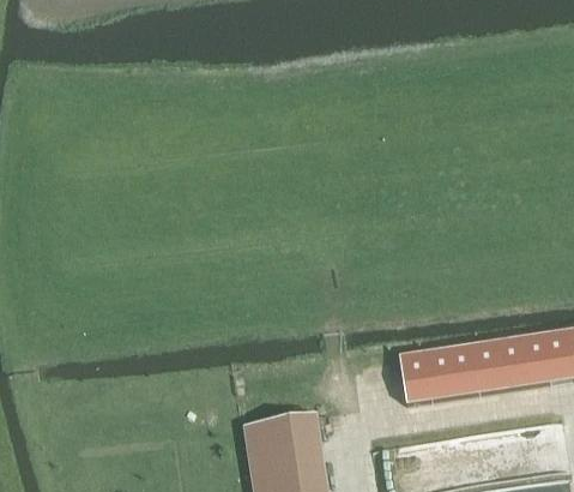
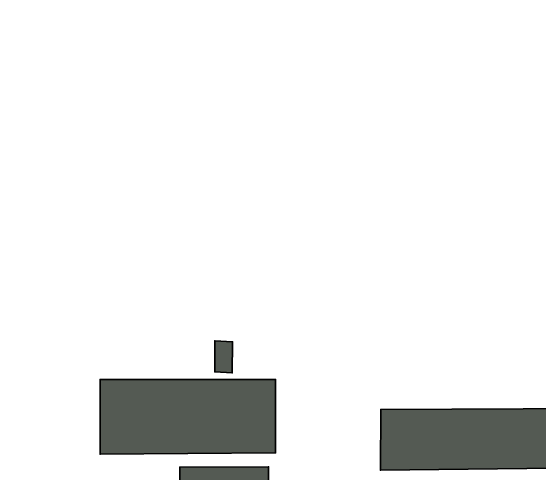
building: none -> [100,379,275,454]

